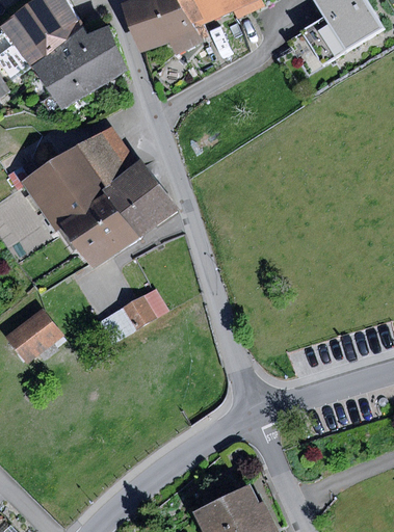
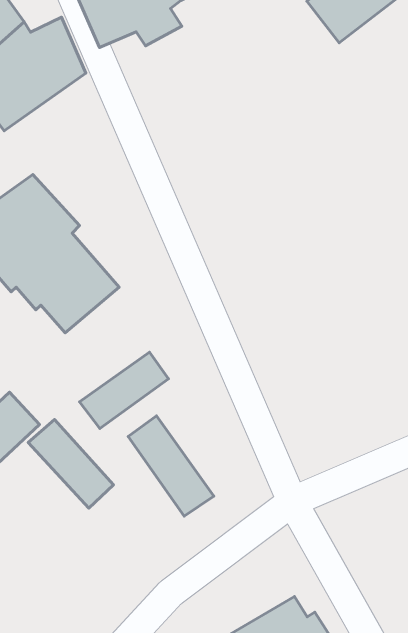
building: [78,127,179,237] -> none
building: none -> [28,420,114,508]
building: none -> [128,416,214,516]

